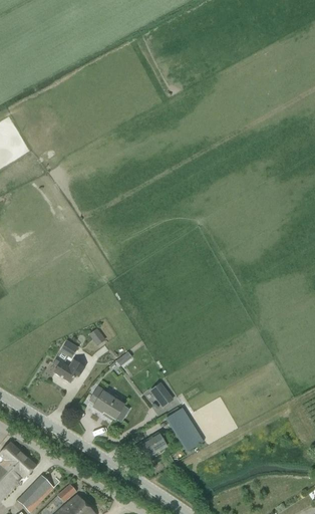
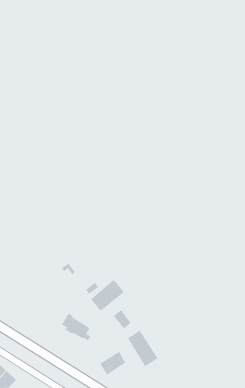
building: [53,340,84,381] -> none
building: none -> [90,279,125,312]

